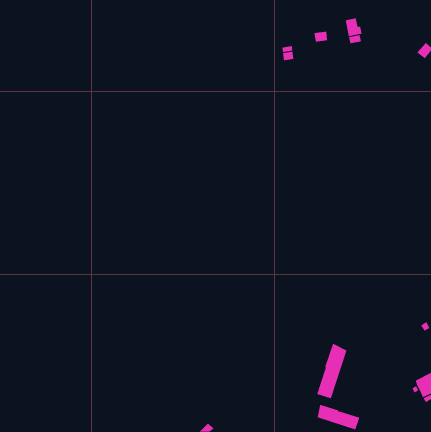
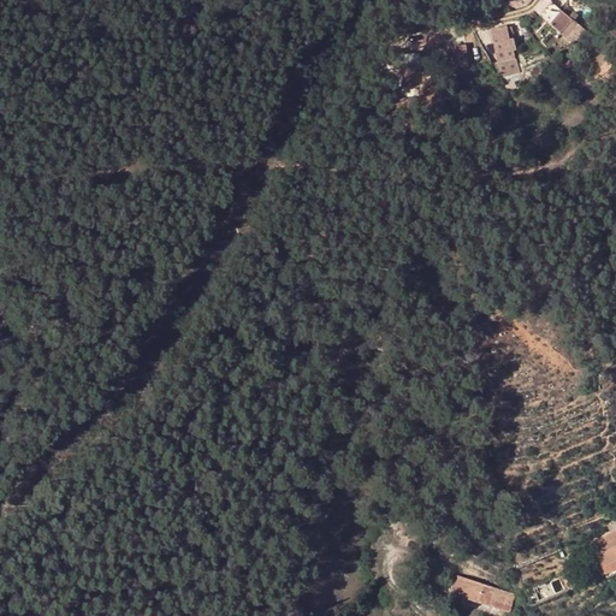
building: none -> [551,11,587,46]
building: [316,343,347,399] -> none

